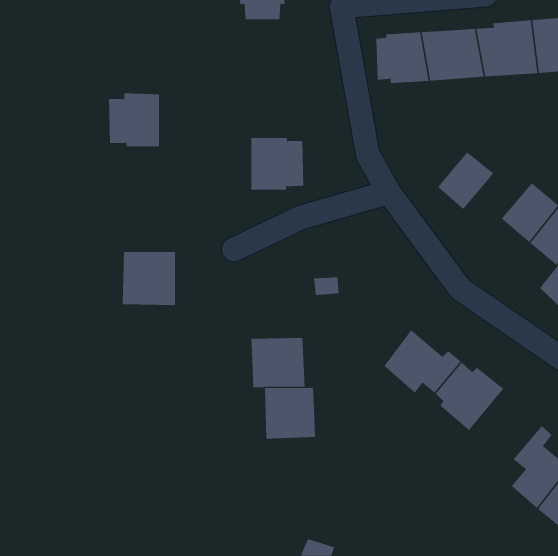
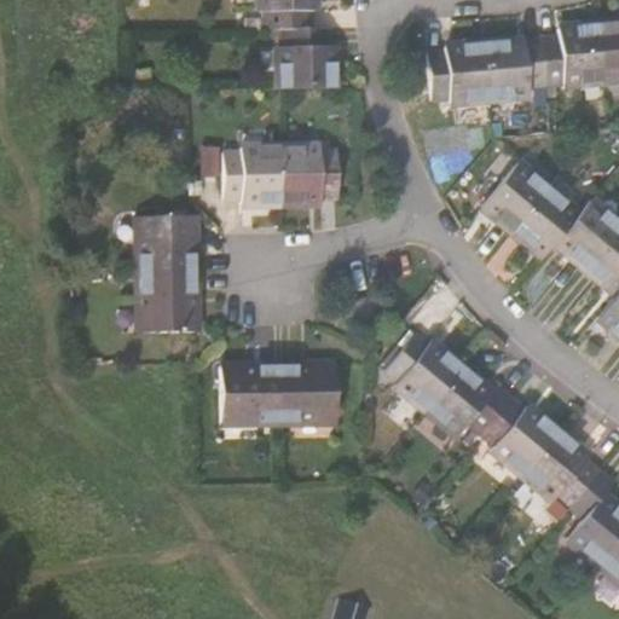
building: none -> [288,22,336,81]
building: [108,93,160,147] -> [222,150,279,209]
building: none -> [514,191,577,255]
building: none -> [139,221,197,277]
building: none -> [384,331,456,403]
building: [264,388,316,439] -> [225,372,282,429]
building: none -> [520,428,600,505]

